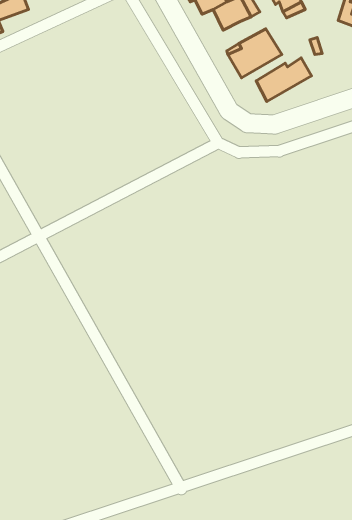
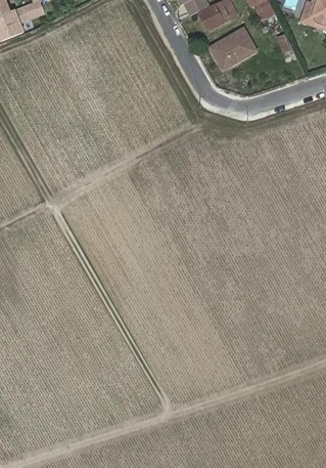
building: [256,58,311,102] -> none

